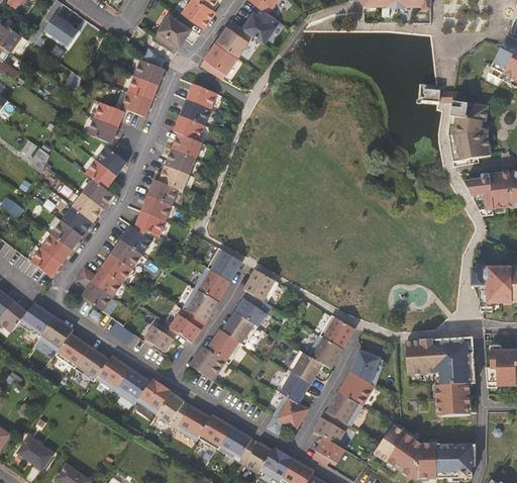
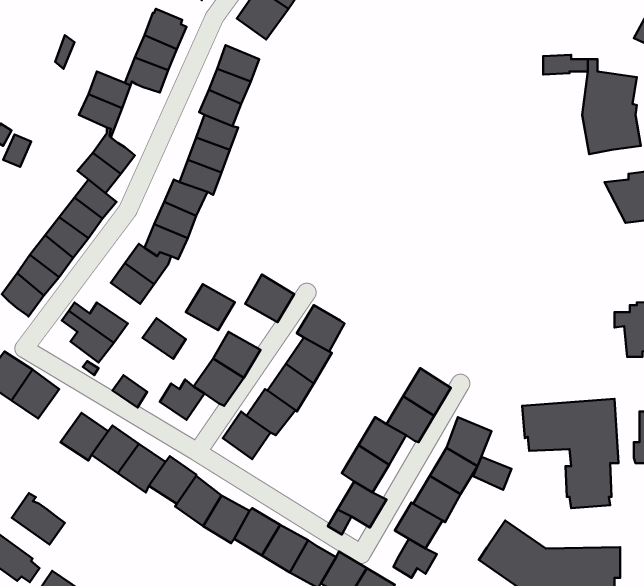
building: [99,254,130,283] -> [142,318,186,359]
building: [194,269,229,302] -> [186,284,235,330]
building: [54,334,88,369] -> none
building: none -> [473,457,511,490]
building: none -> [12,493,65,545]

